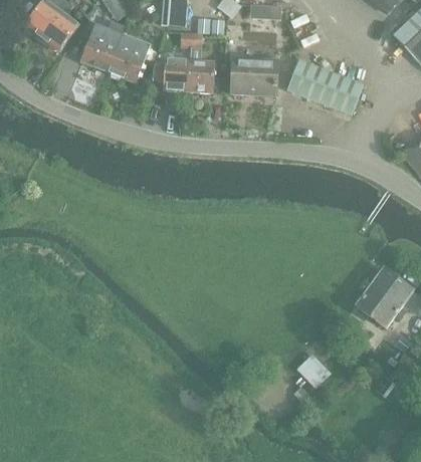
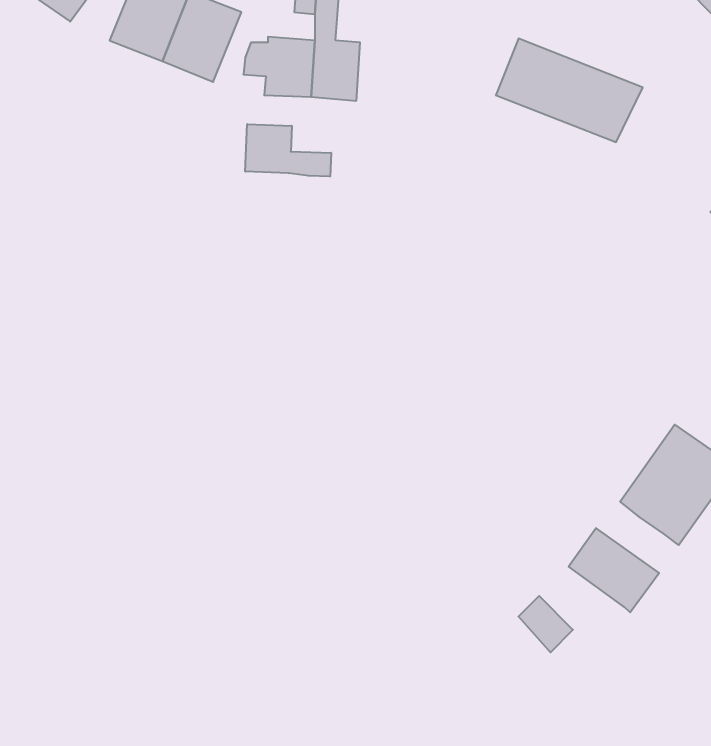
building: [232,55,278,94] -> none
building: none -> [245,124,331,177]
building: none -> [569,528,659,612]

